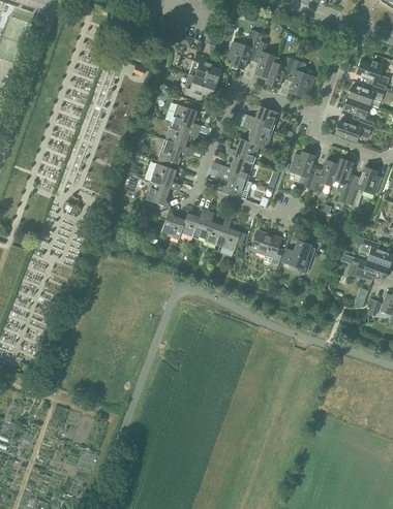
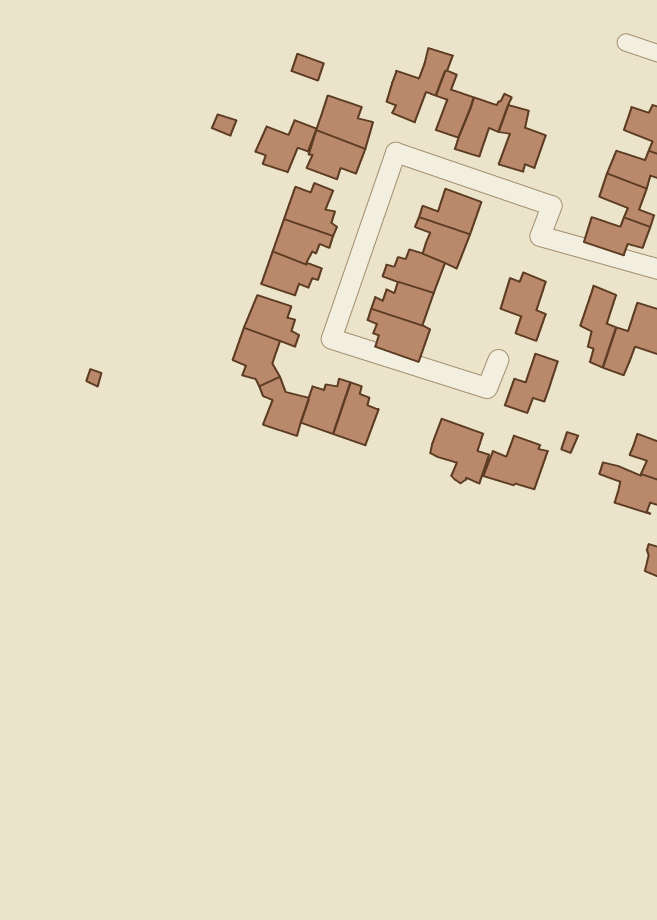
building: none -> [256,120,317,172]
building: [310,160,339,192] -> [505,354,558,413]
building: [217,217,247,251] -> none

